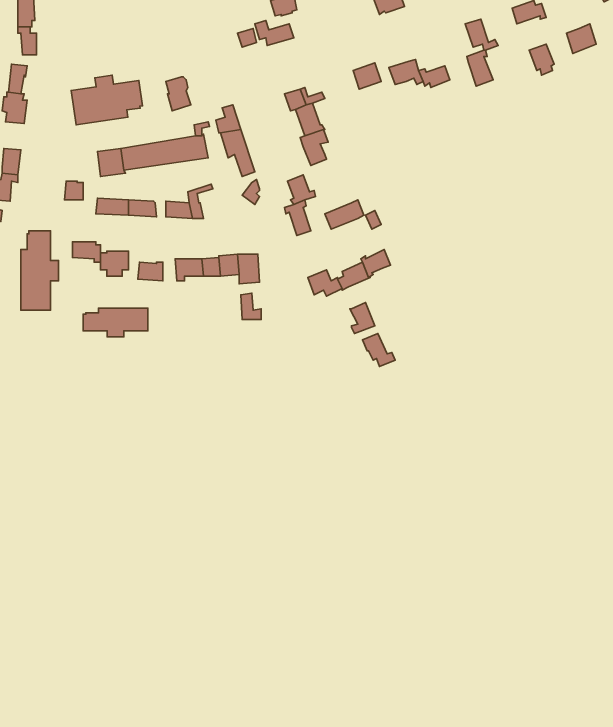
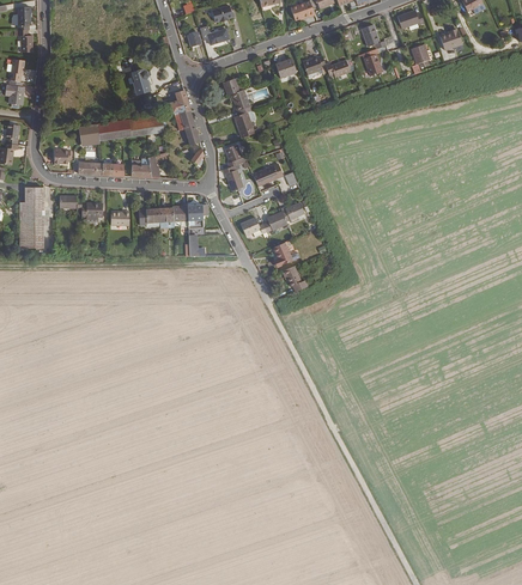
building: [71,75,142,125] -> none
building: [83,308,148,337] -> none

